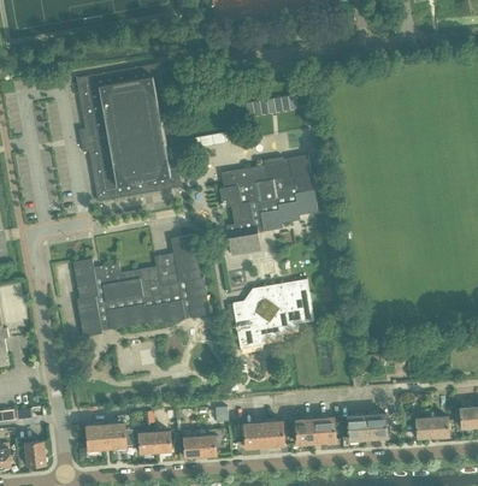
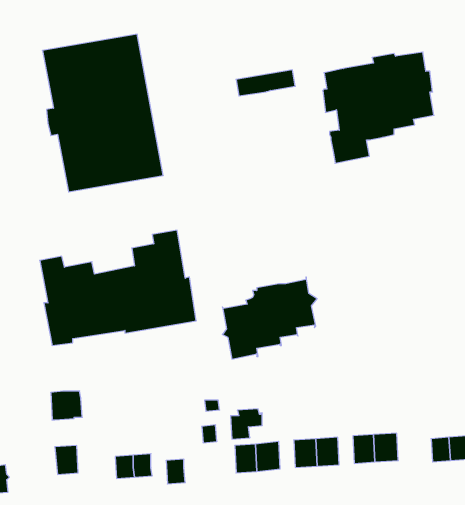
building: [219,155,317,253] -> [323,52,434,163]
building: [105,423,132,449] -> [51,391,82,420]
building: [199,431,226,457] -> [231,409,262,439]

